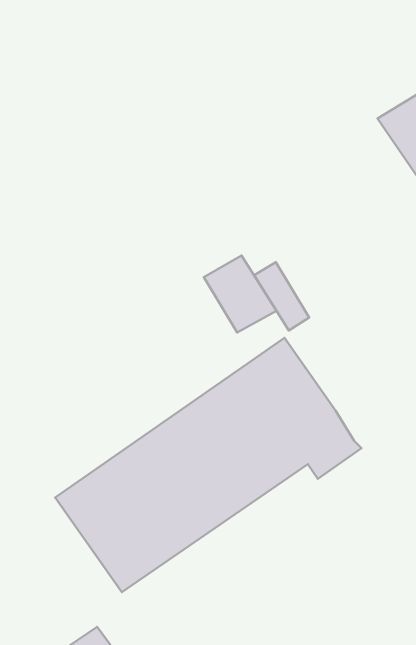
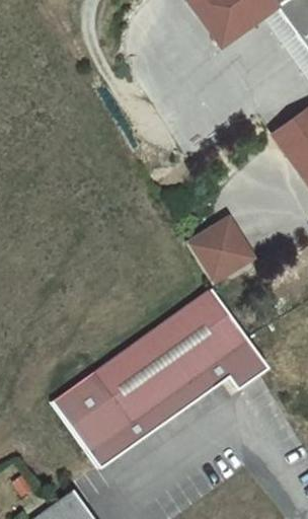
building: [204,255,276,332] -> [205,221,255,275]

